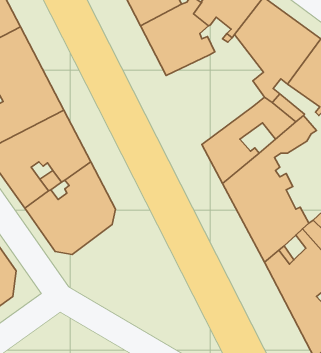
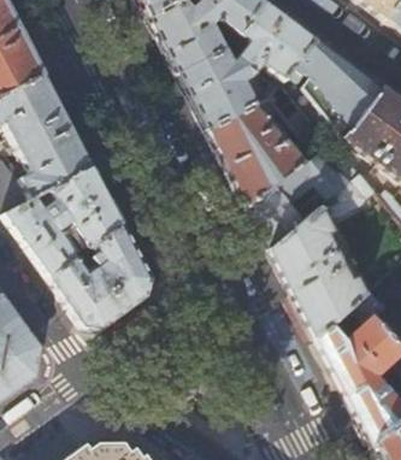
building: none -> [207,106,305,206]

